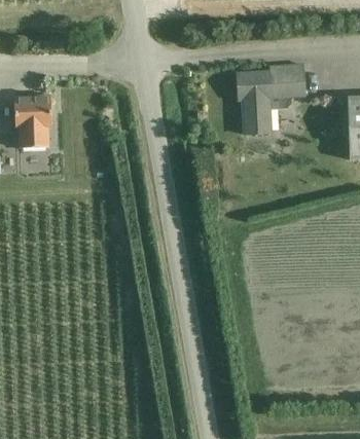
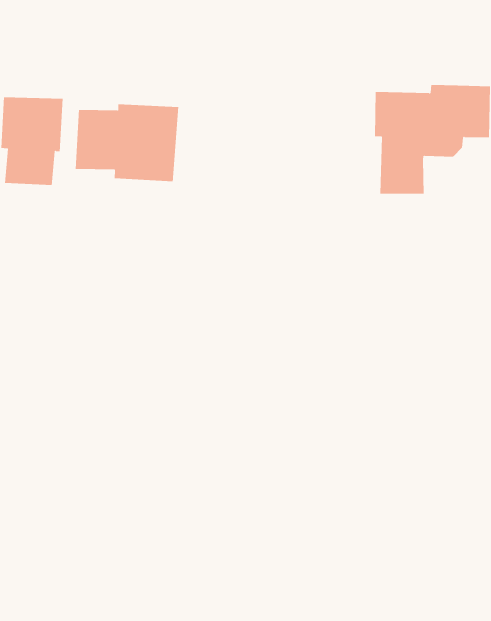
building: none -> [75,103,179,182]

